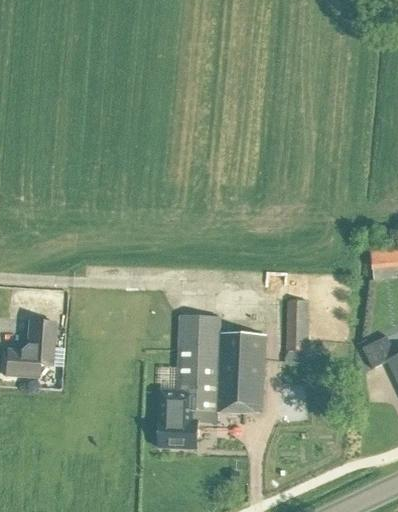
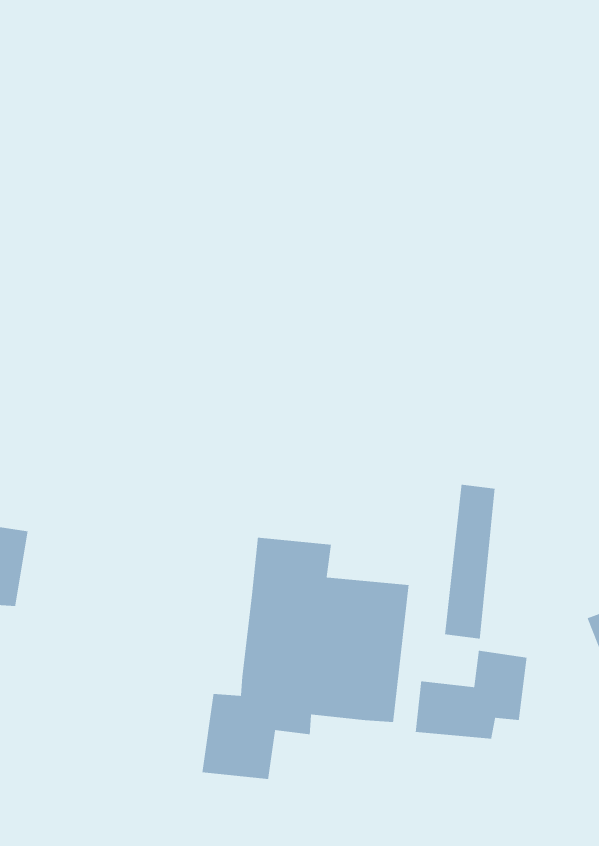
building: none -> [415,650,527,739]

